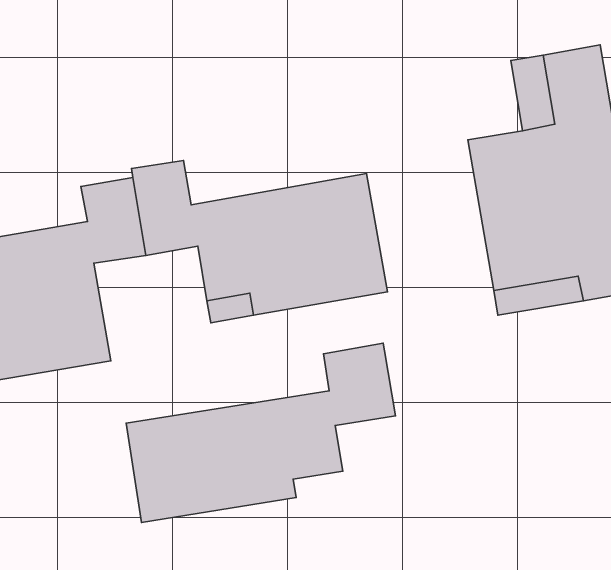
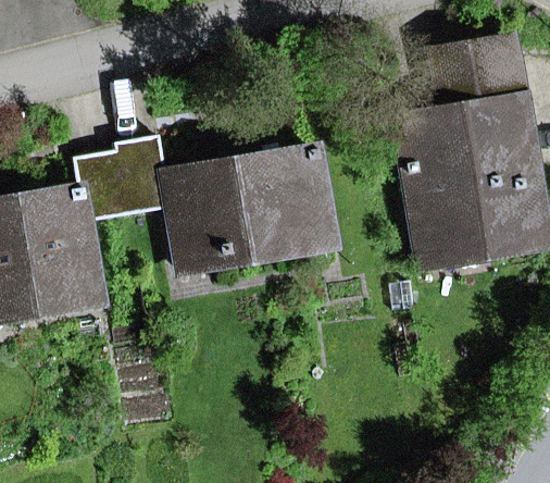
building: [126,343,395,523] -> none

